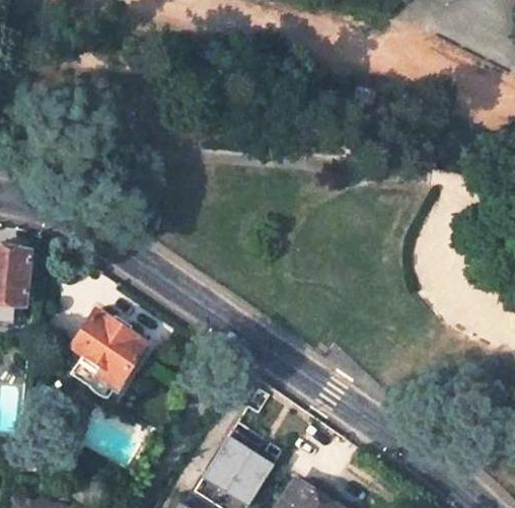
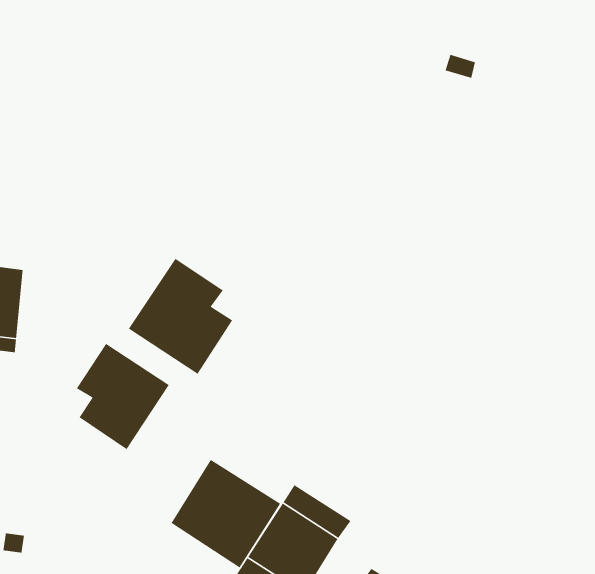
building: none -> [128,258,233,375]
building: none -> [171,459,281,568]

